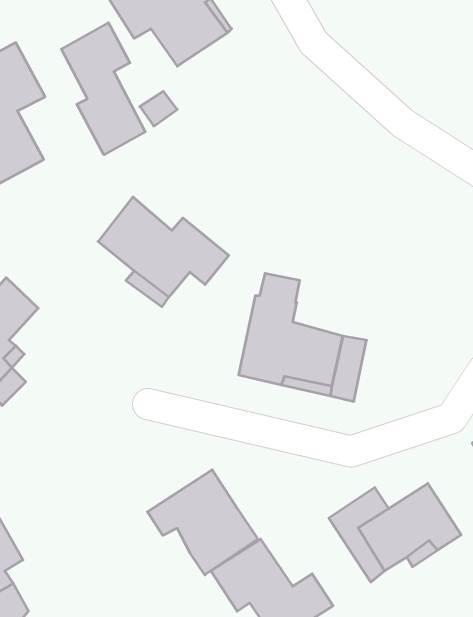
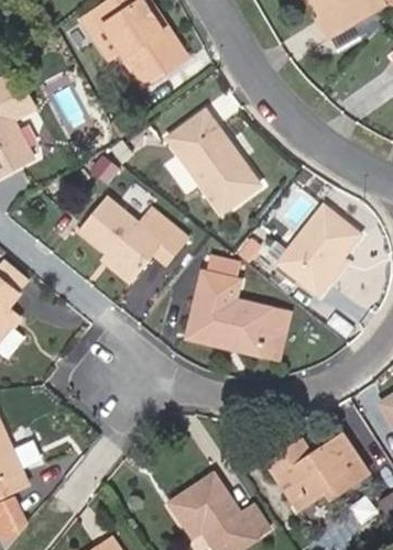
building: [61,23,145,155] -> none
building: none -> [170,113,259,212]
building: none -> [280,207,357,292]
building: [147,470,258,575] -> none

